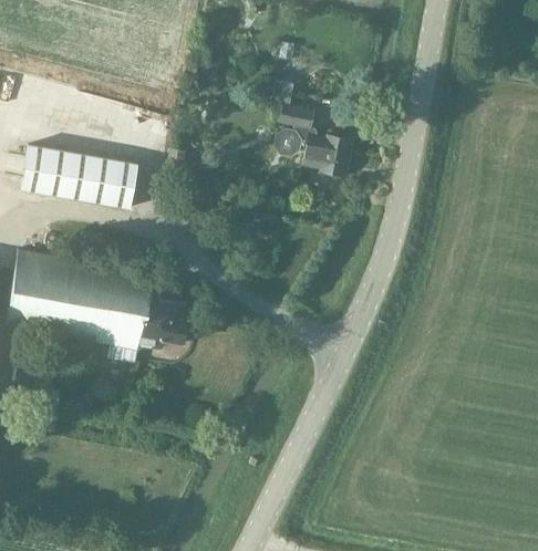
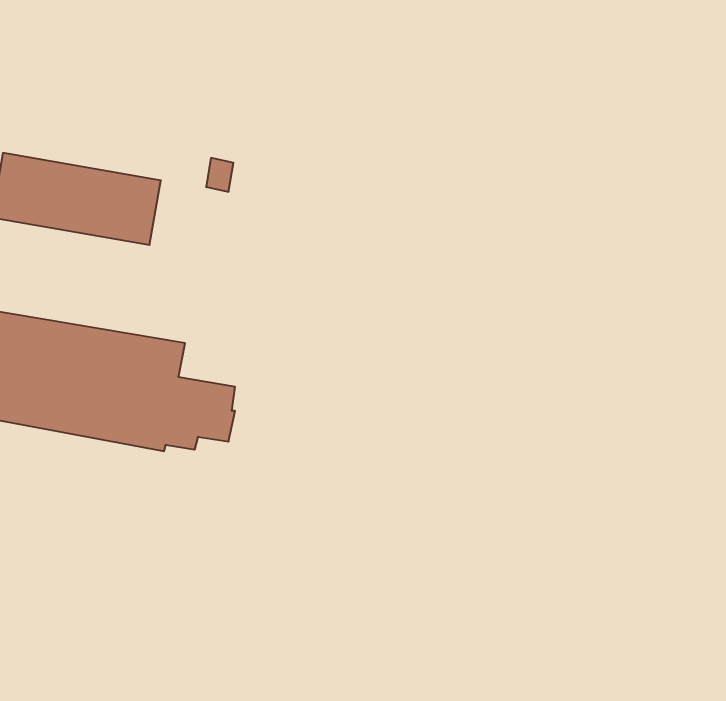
building: [269,102,351,175] -> none

